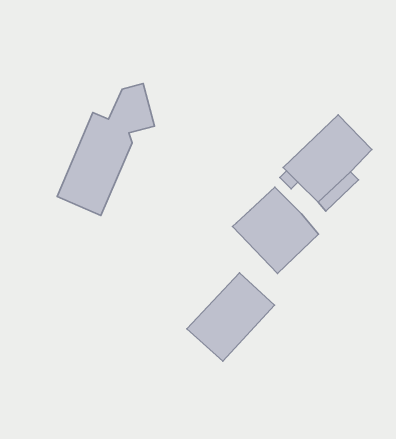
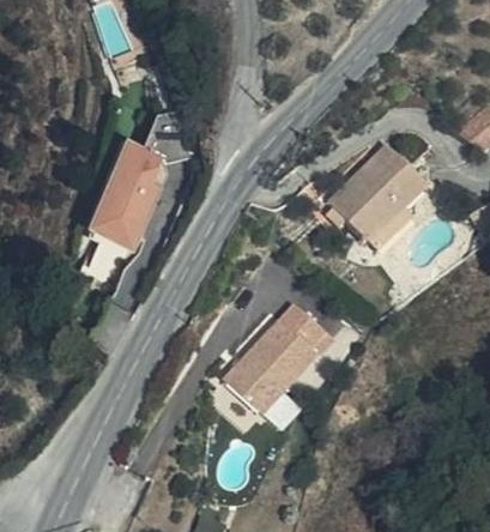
building: [233,187,319,273] -> none

